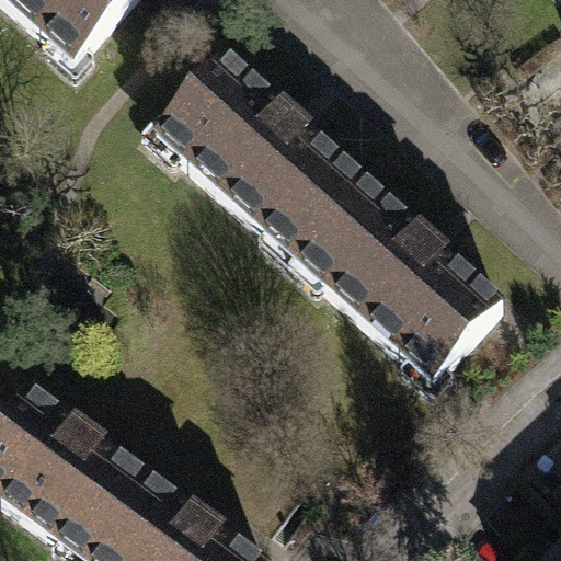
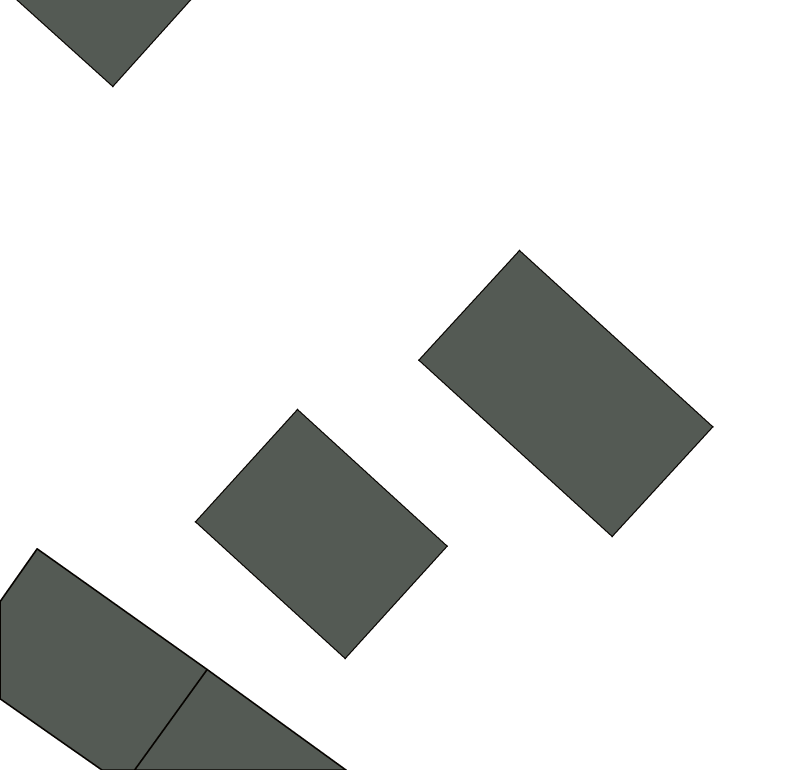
building: [153,47,368,255] -> none
building: none -> [195,410,447,658]

